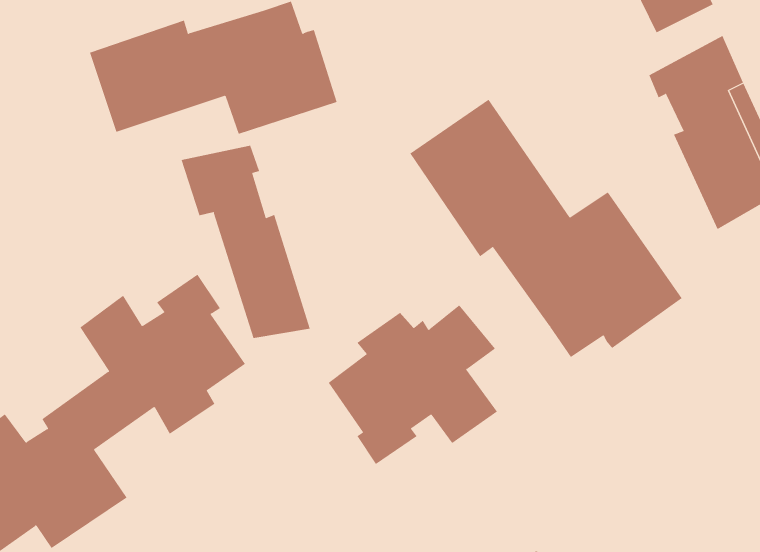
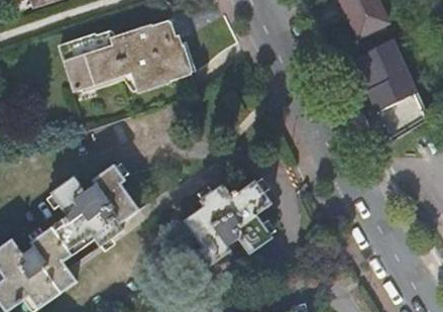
building: [409,99,682,358] -> none
building: [181,145,310,339] -> none

